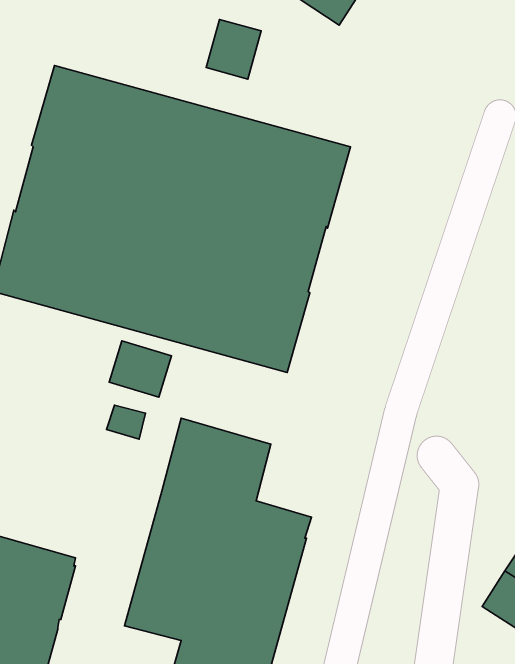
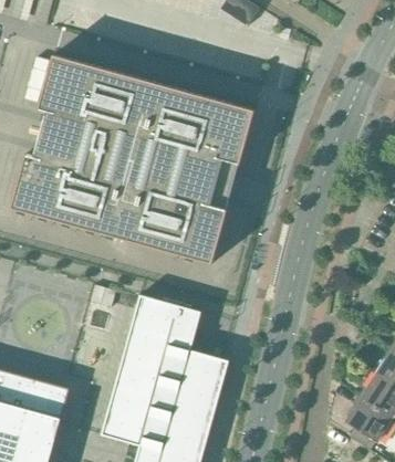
building: [206,19,261,79] -> none
building: [109,341,171,397] -> none

